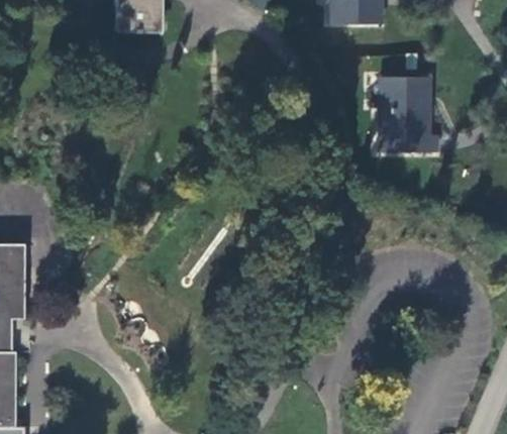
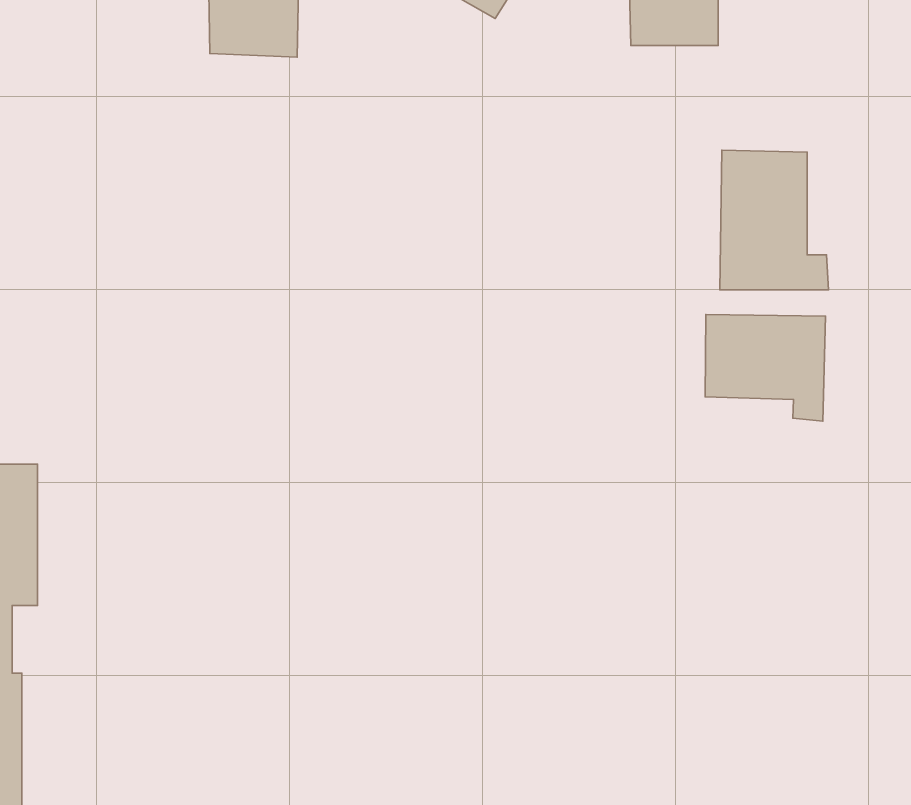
building: none -> [705,314,826,421]

